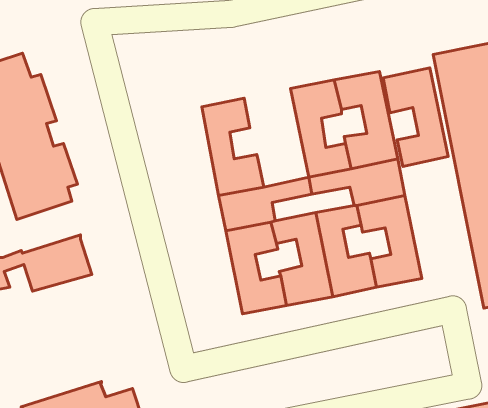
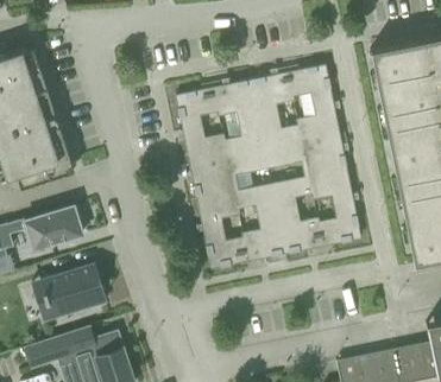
building: [383,68,448,167] -> [210,79,265,163]
building: none -> [40,265,105,319]

